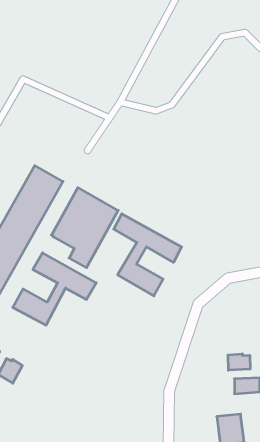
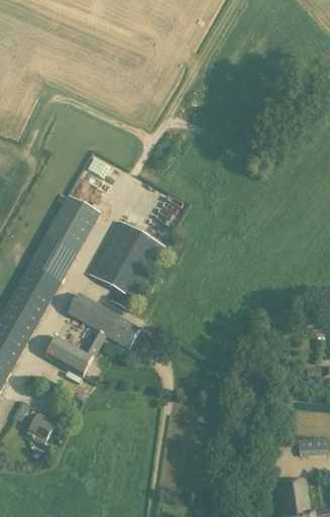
building: [114,214,182,296] -> none
building: [228,354,250,370] -> none

